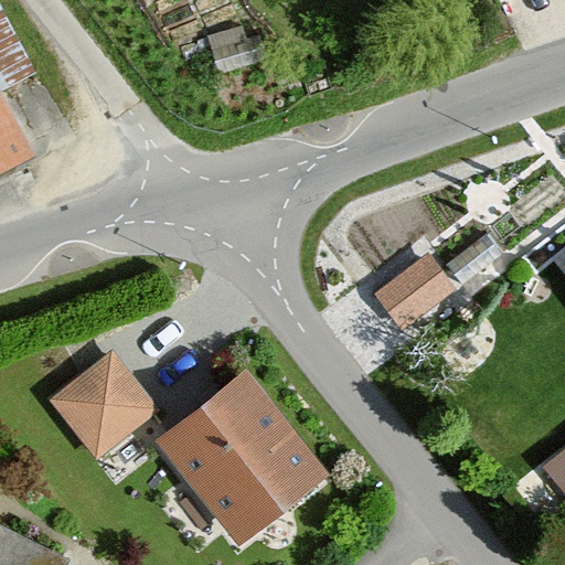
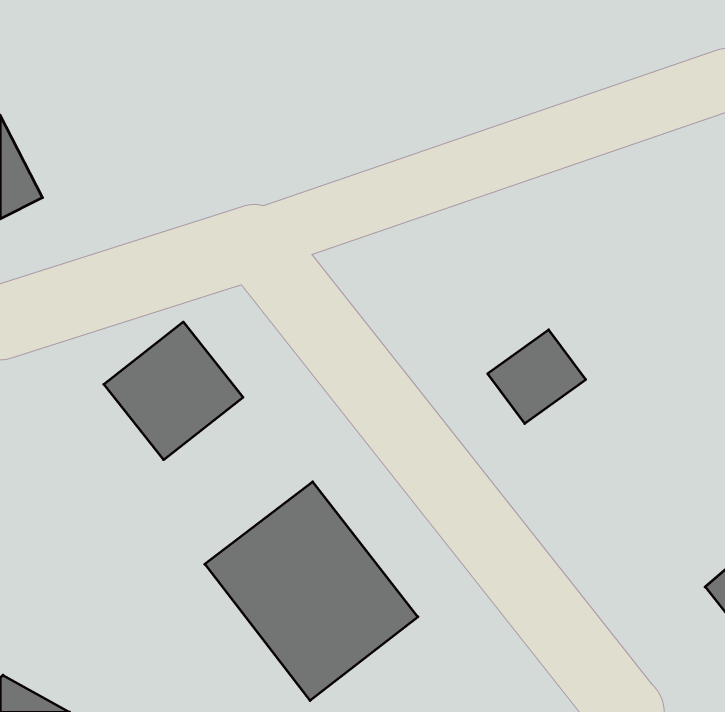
building: [45,351,153,458] -> [104,322,243,460]

